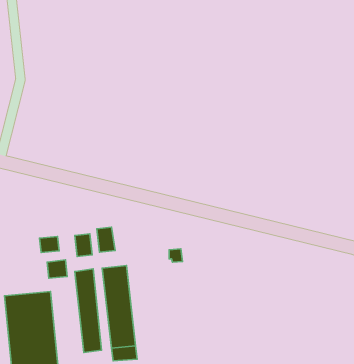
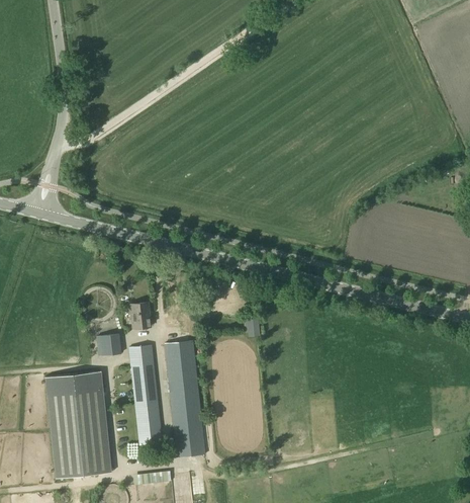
building: [97,227,115,252] -> none
building: [39,236,59,252] -> none

